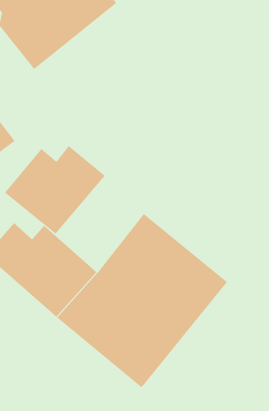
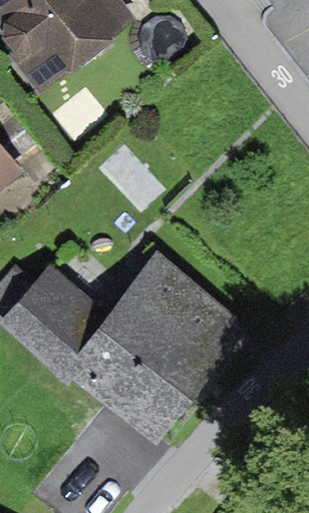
building: [4,145,105,235] -> none

